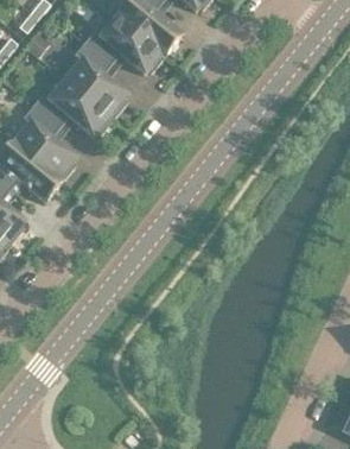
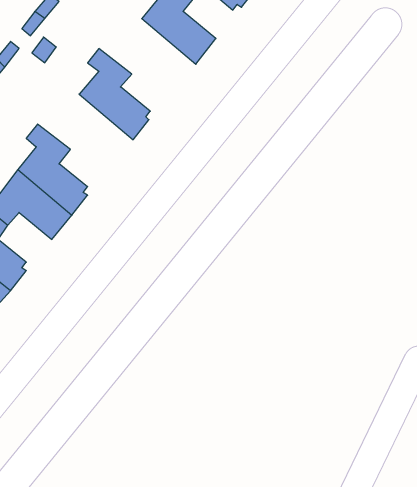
building: [83,18,164,74] -> none
building: [32,81,112,137] -> none

